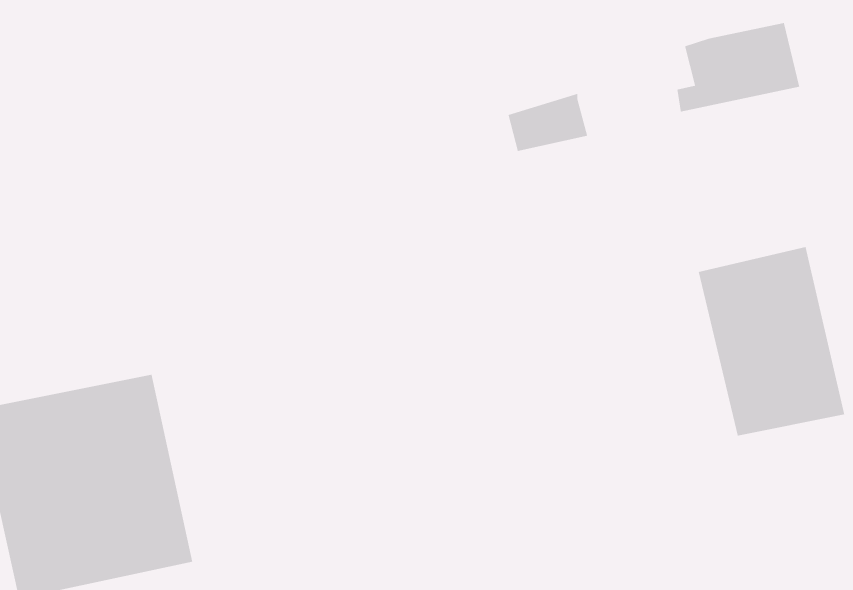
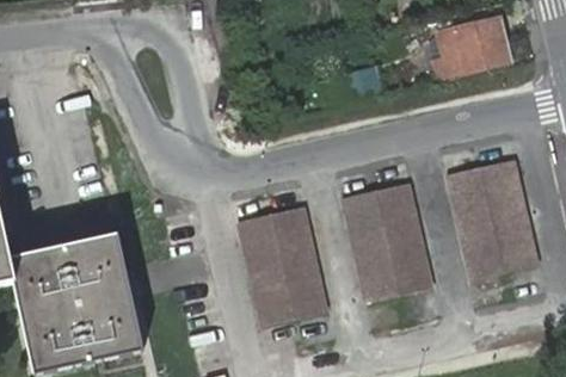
building: none -> [344,184,432,299]
building: none -> [239,206,327,325]

